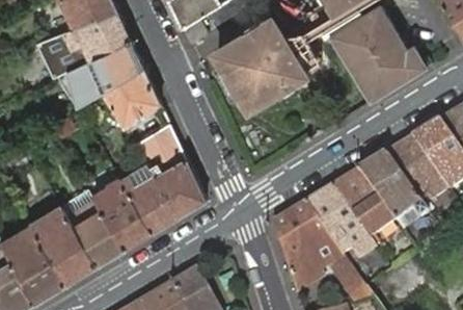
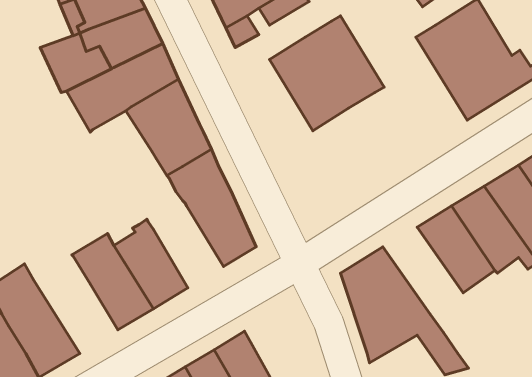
building: [120,163,180,232] -> none
building: [305,184,374,256] -> none
building: [30,207,97,284] -> none

